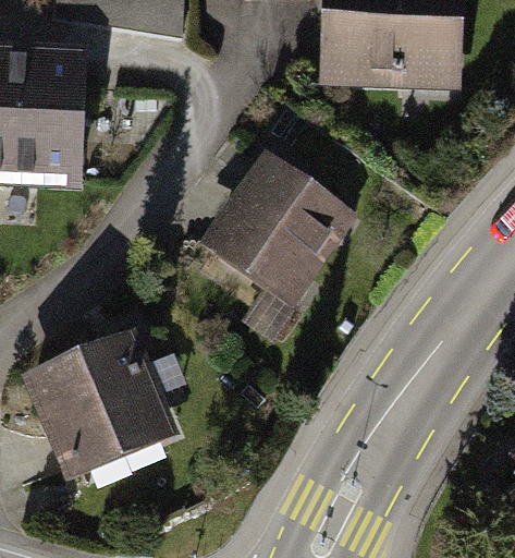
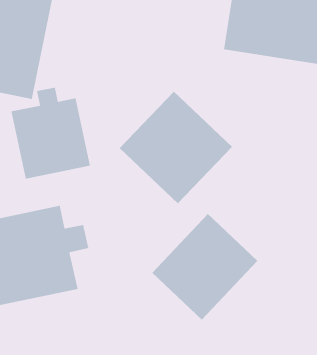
building: none -> [11,87,90,180]
building: none -> [151,213,258,320]

